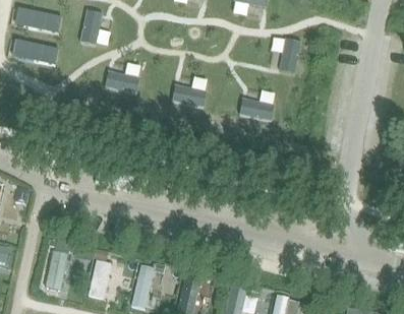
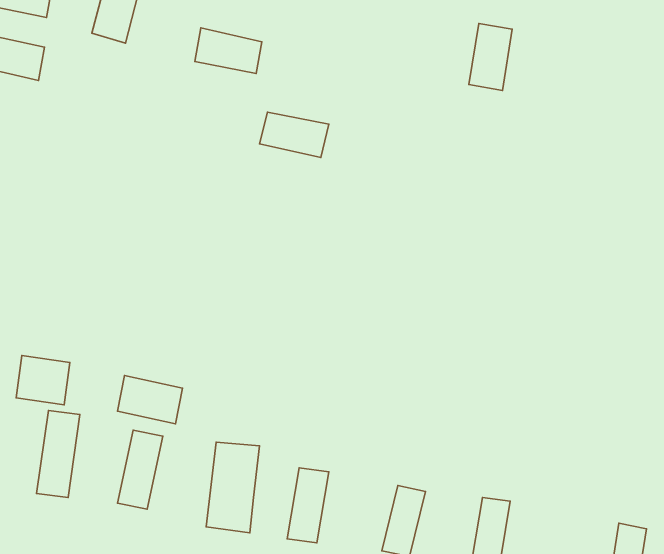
building: [102,67,136,90] -> [195,28,262,73]
building: [236,93,272,117] -> none
building: none -> [16,356,70,405]
building: none -> [117,376,183,424]

